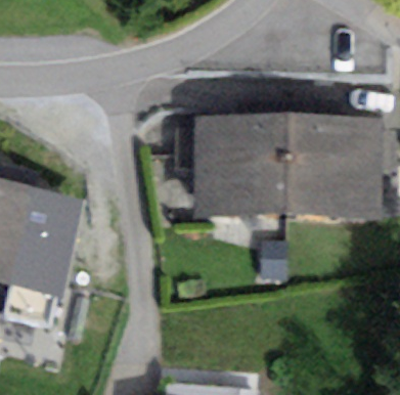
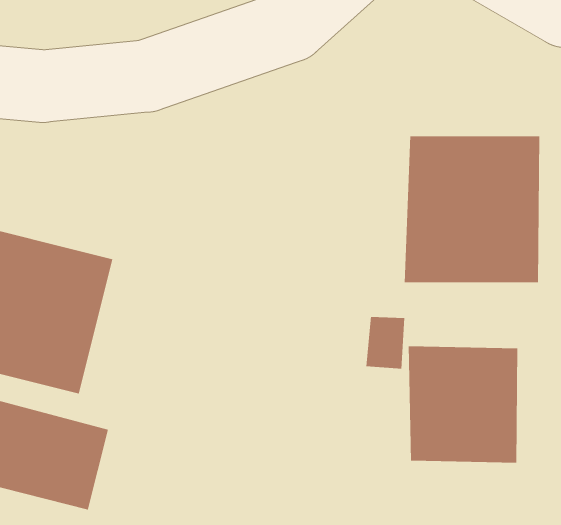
building: [194,113,290,216] -> none
building: none -> [408,346,518,463]

